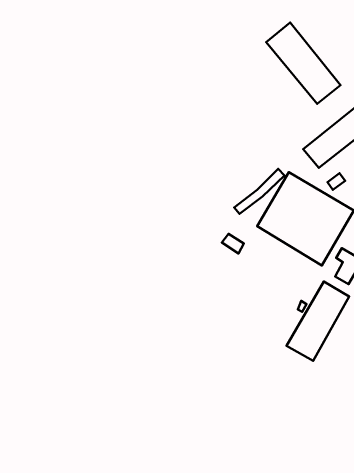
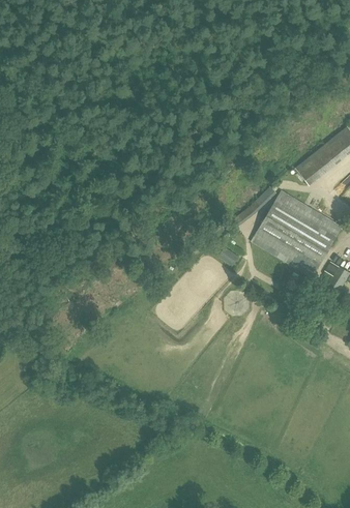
building: [266,22,341,104] -> none
building: [287,281,349,361] -> none

